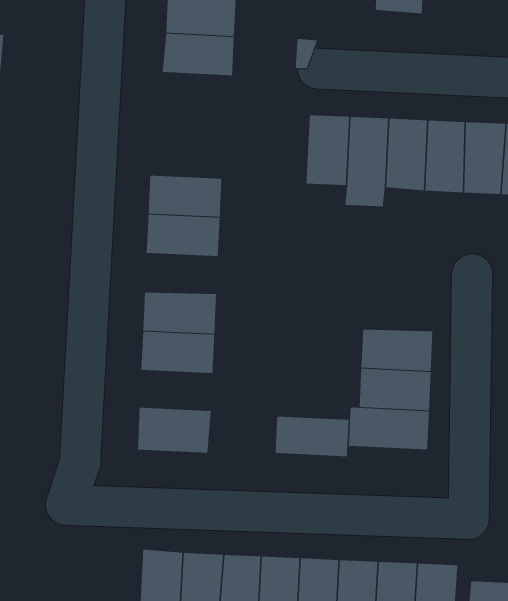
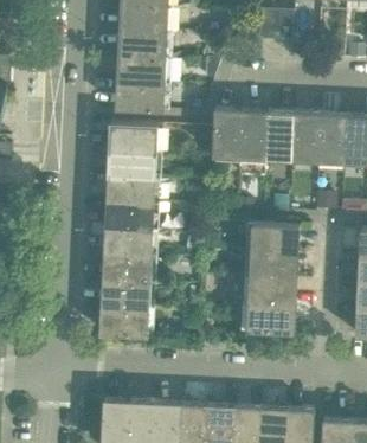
building: none -> [115,81,163,110]
building: none -> [108,122,157,152]
building: none -> [104,201,154,229]
building: none -> [250,224,298,253]
building: [275,416,349,457] -> [101,280,150,307]

